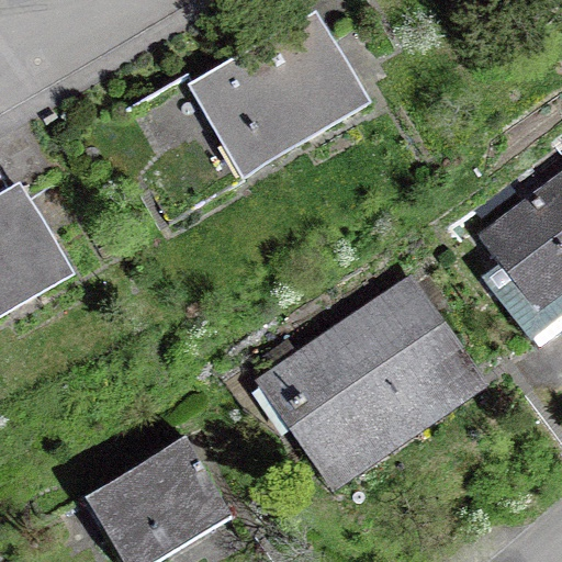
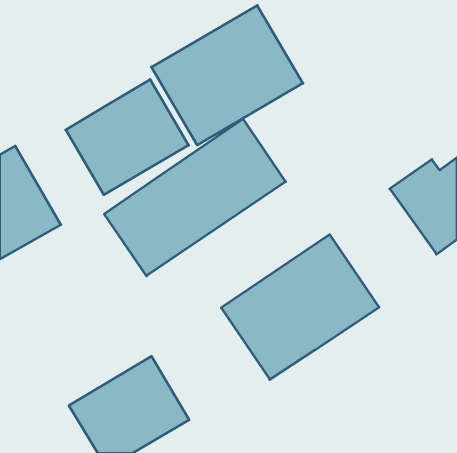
building: none -> [66,79,189,195]
building: none -> [104,119,286,276]

